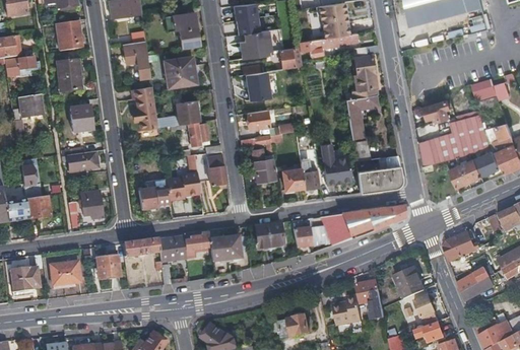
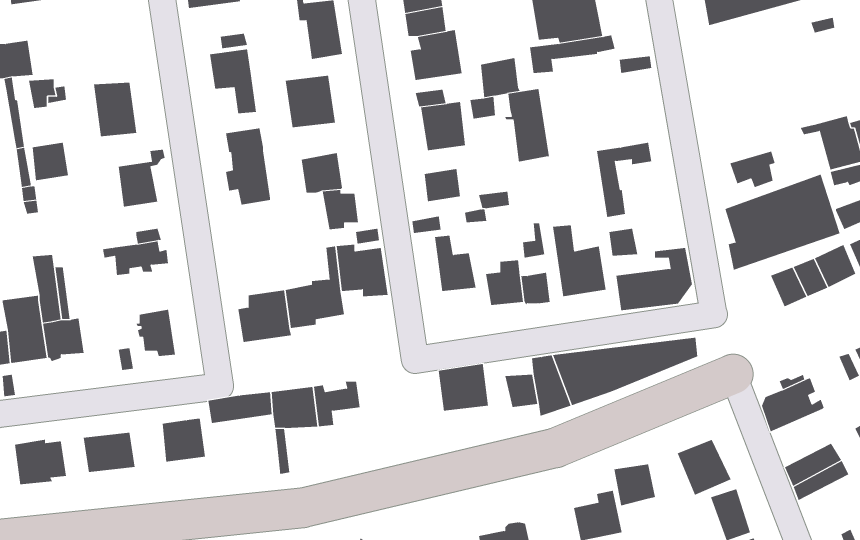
building: [57,20,82,51] -> none
building: [352,55,379,97] -> [504,88,550,162]
building: [209,237,241,263] -> none

